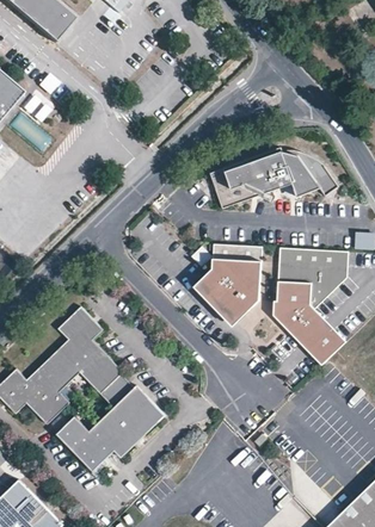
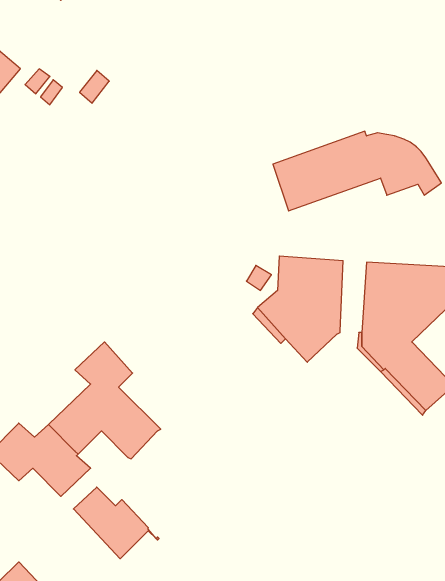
building: [94,374,166,457] -> none

